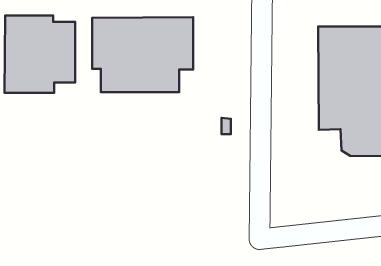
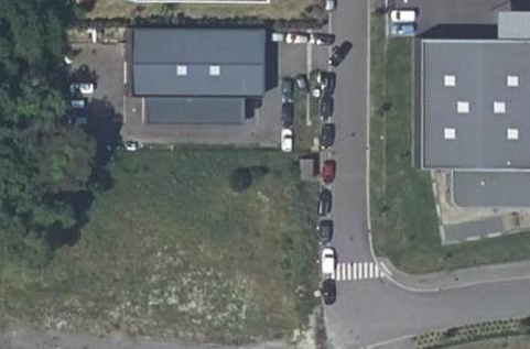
building: [4,15,75,93] -> none

